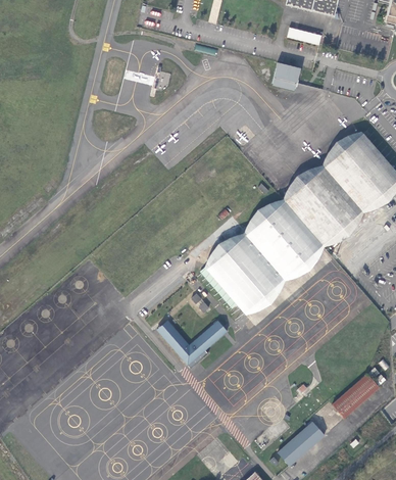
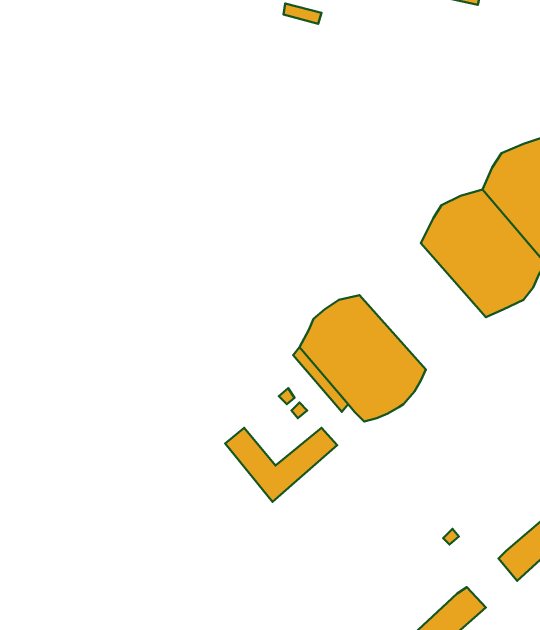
building: [273,61,301,90] -> none
building: [243,198,325,280] -> none

